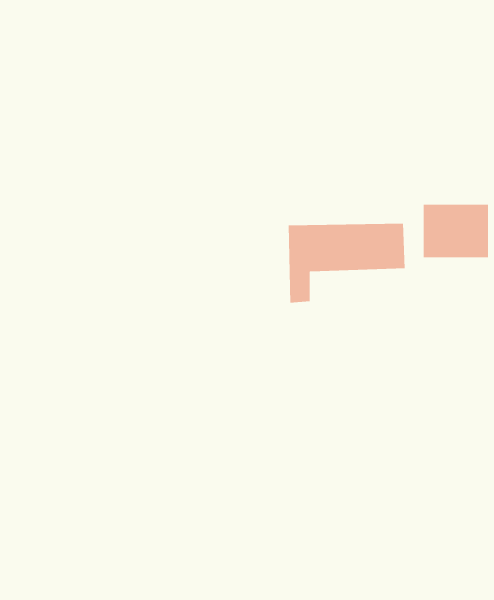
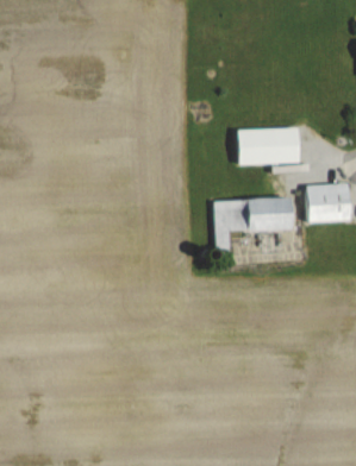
building: none -> [238,128,299,164]

